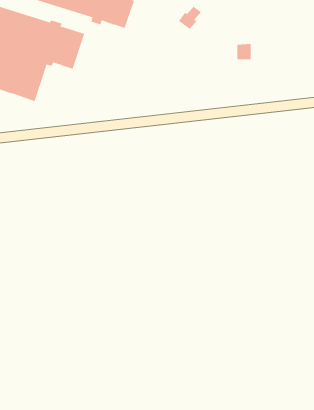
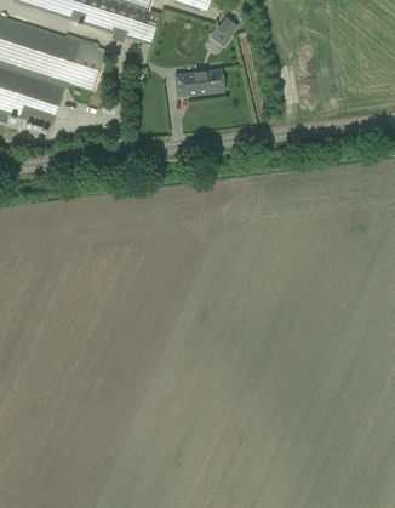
building: none -> [176,68,225,96]

